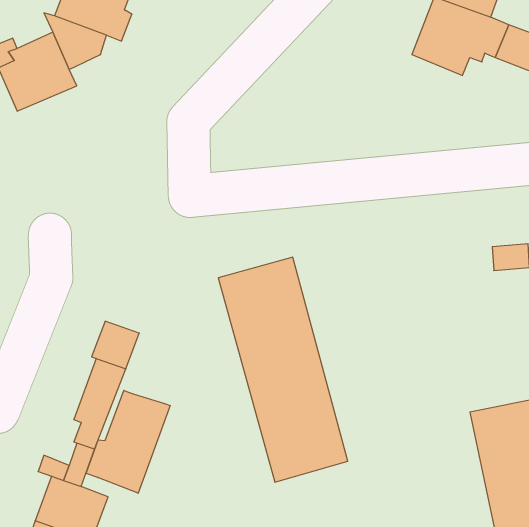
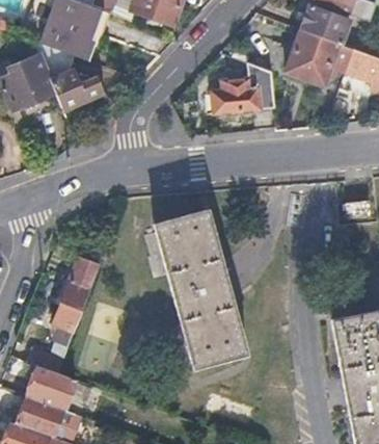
building: none -> [212,62,273,113]
building: none -> [50,70,104,110]
building: [86,390,170,493] -> none

